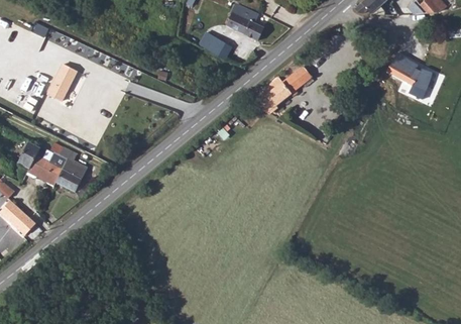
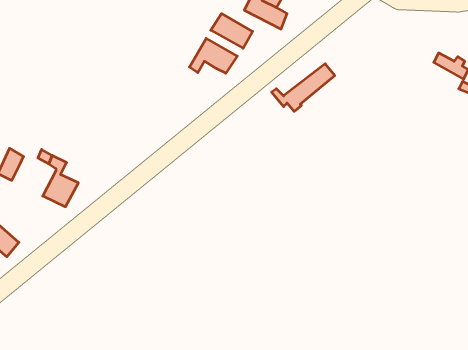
building: none -> [189,38,237,73]
building: [48,62,77,98] -> none
building: [26,155,67,188] -> none

